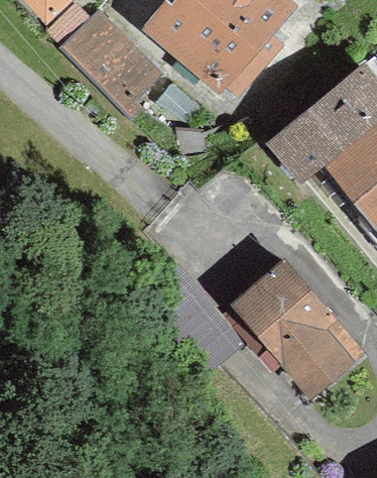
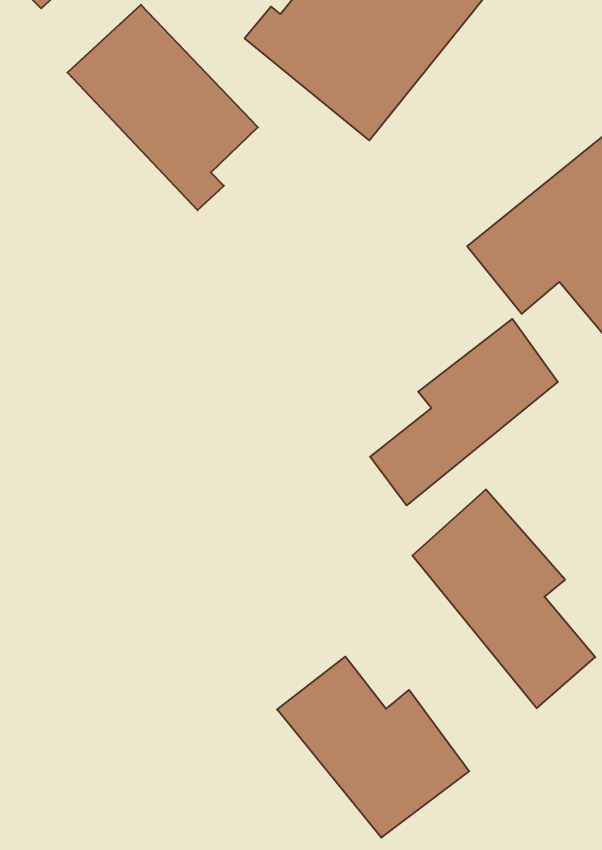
building: none -> [370,319,558,505]
building: none -> [277,657,469,838]

